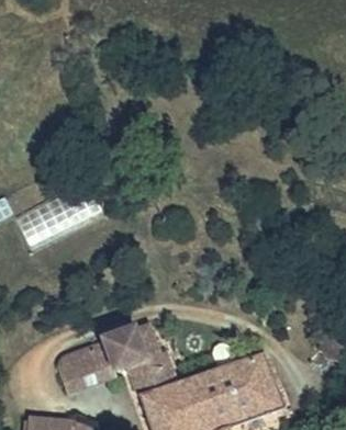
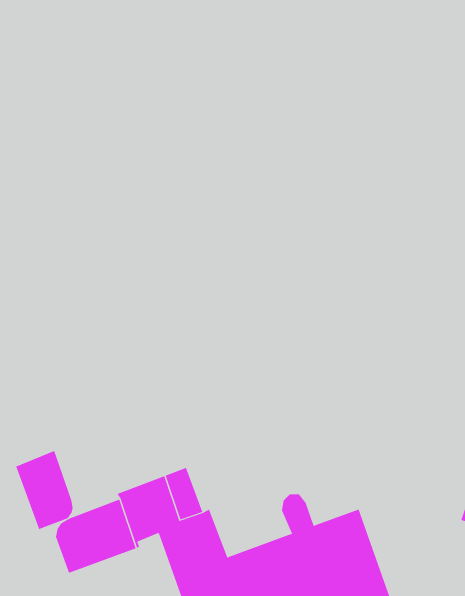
building: none -> [16,450,73,530]

